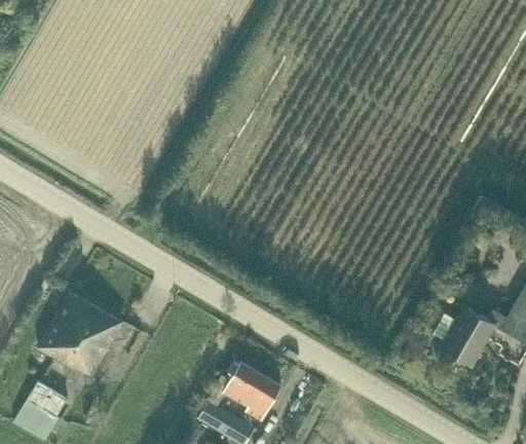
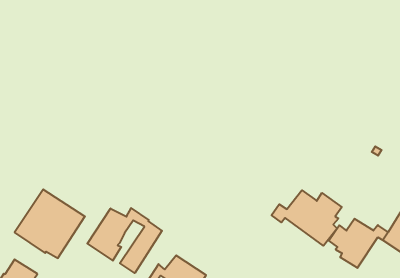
building: none -> [272,190,342,246]
building: none -> [87,208,162,273]

